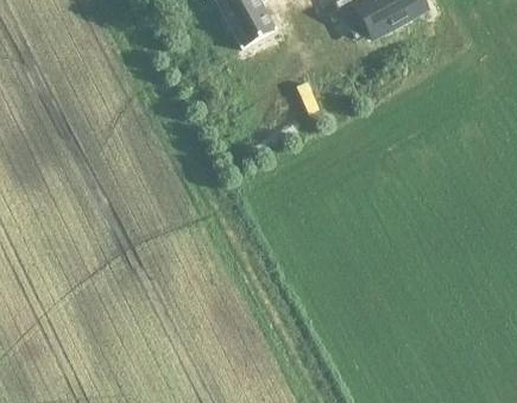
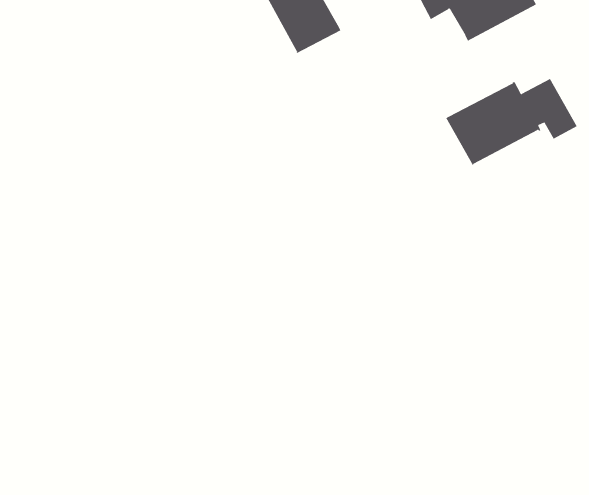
building: none -> [446,78,577,166]

